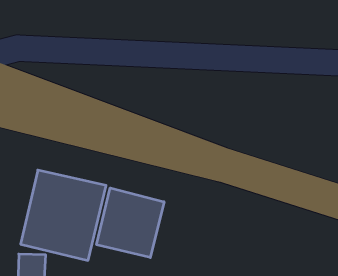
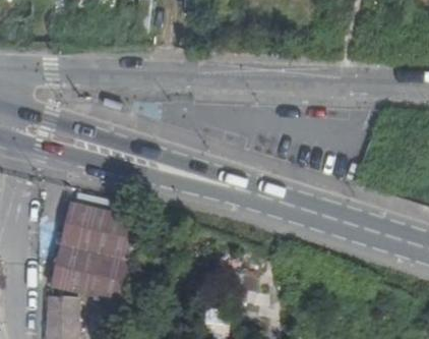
building: [97,188,164,258] -> none

